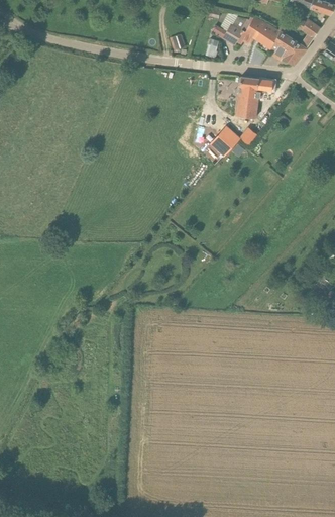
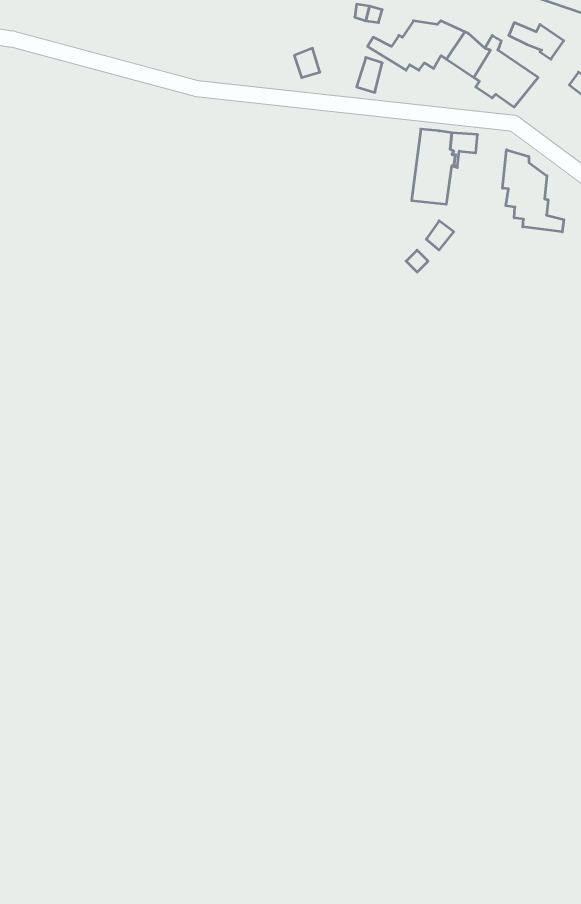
building: none -> [503,150,564,232]
building: [212,128,239,156] -> none

